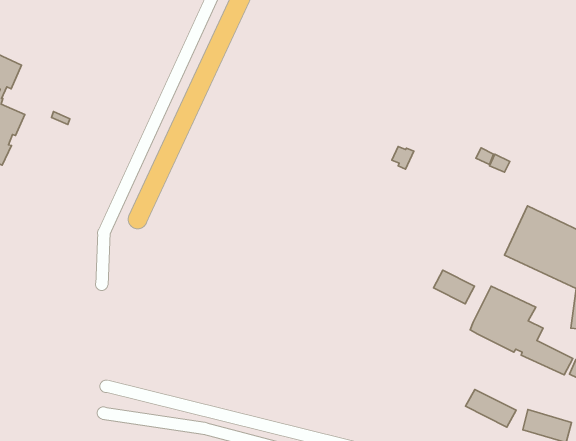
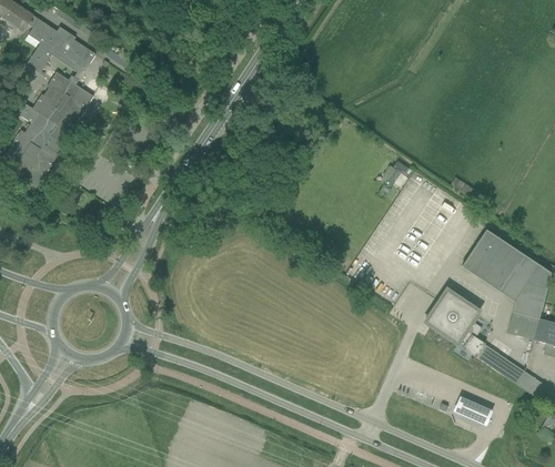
building: [433,270,475,304] -> none
building: [466,389,516,427] -> none

